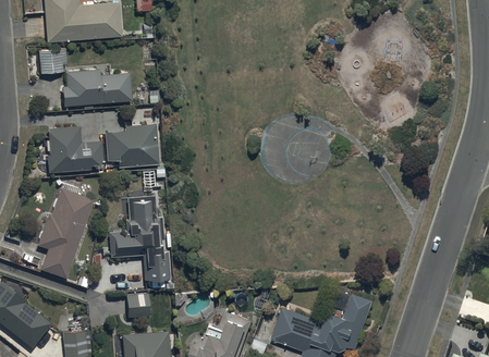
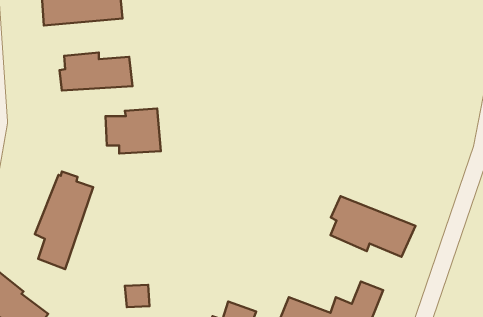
building: [38,49,66,73] -> none
building: [46,125,102,173] -> none
building: [108,194,169,280] -> none
building: none -> [330,196,416,257]

